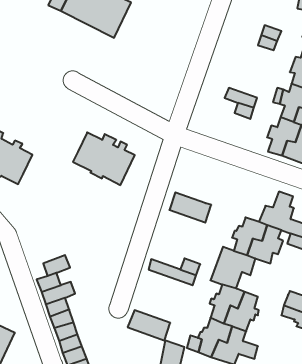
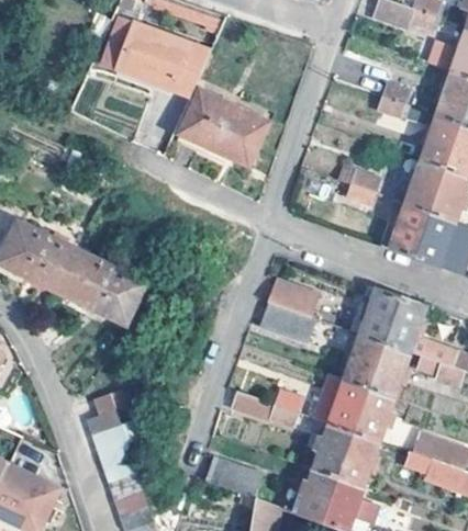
building: none -> [177,92,266,167]
building: [73,132,135,185] -> [62,253,143,323]
building: none -> [265,278,315,317]
building: none -> [352,292,404,341]
building: none -> [348,389,394,440]

